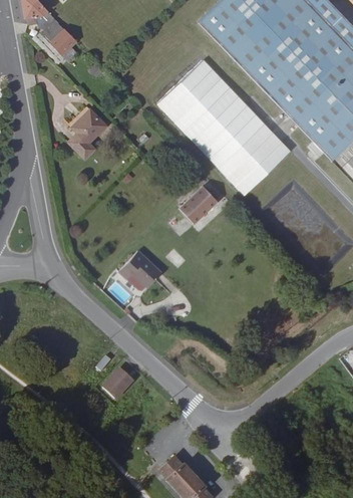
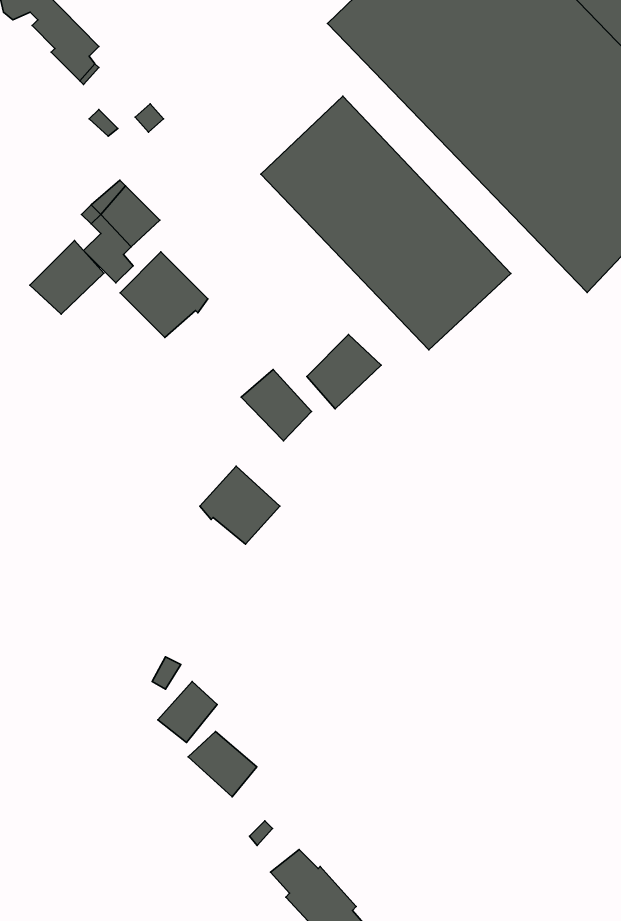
building: none -> [30,241,104,314]
building: none -> [120,252,208,338]
building: none -> [241,370,312,441]
building: none -> [188,731,257,797]

